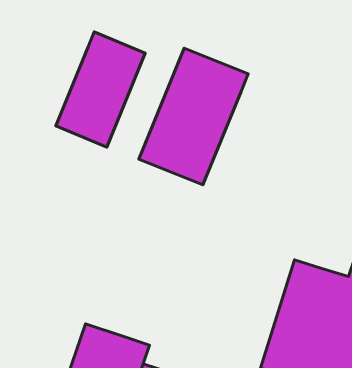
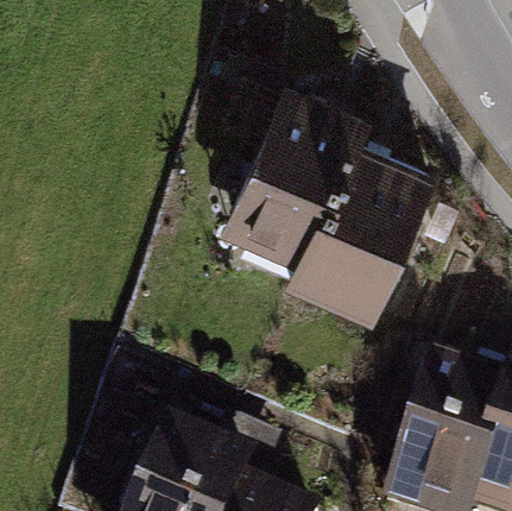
building: [56,32,145,147] -> none
building: none -> [299,134,441,313]

